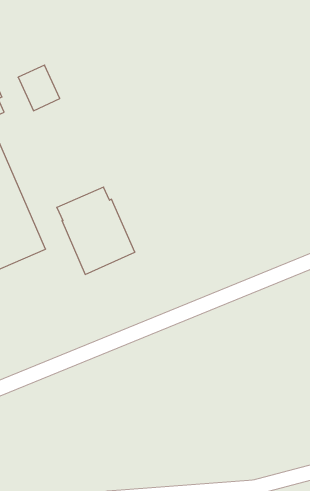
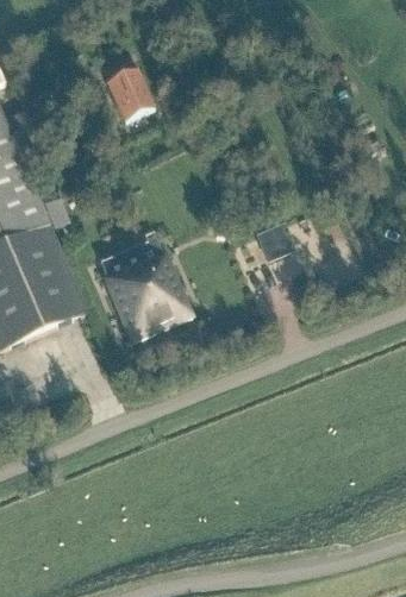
building: [18,65,60,111] -> [106,67,155,120]

